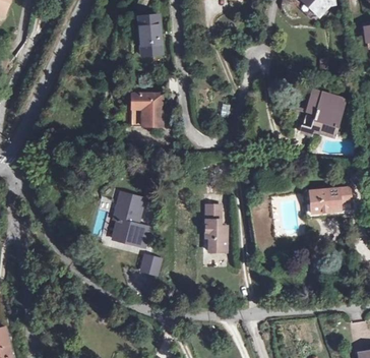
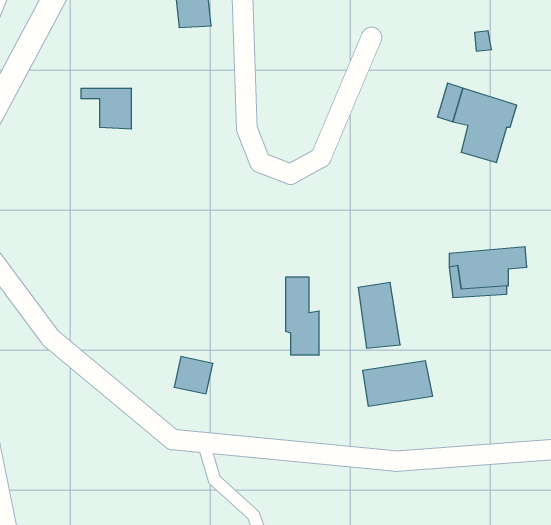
building: [130,101,161,125] -> [81,88,132,129]
building: [114,193,146,246] -> none
building: none -> [363,361,433,406]

